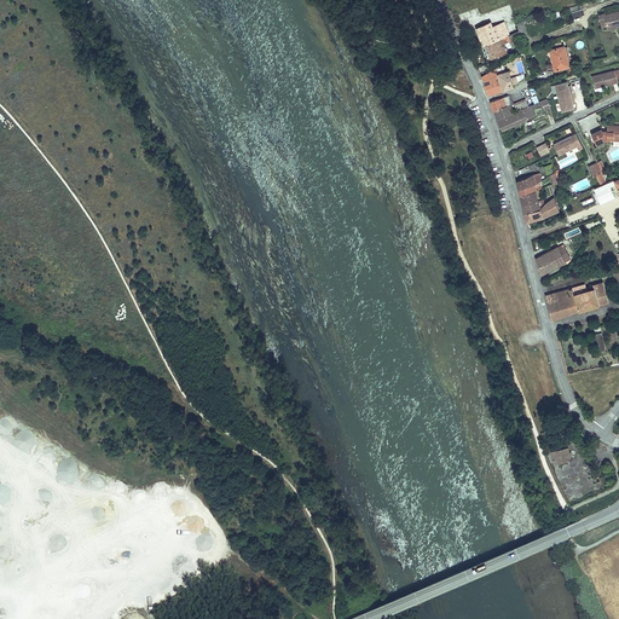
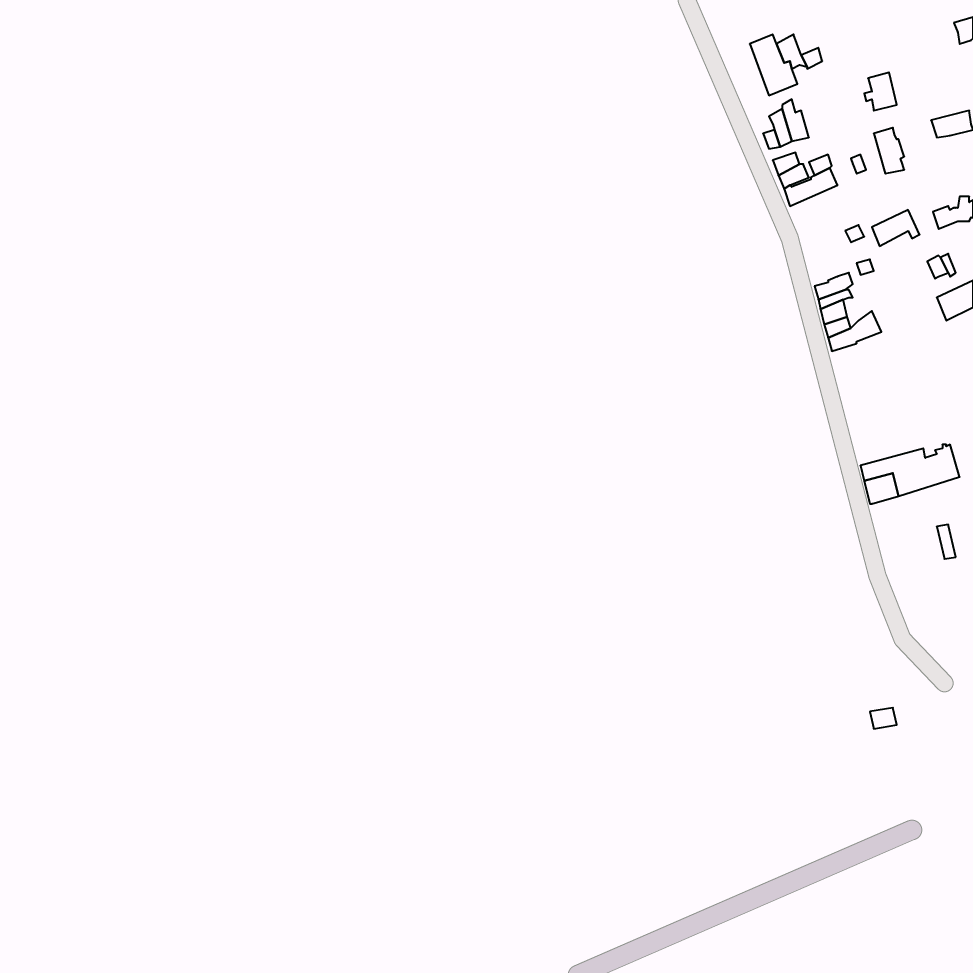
building: [534,247,569,277] -> none

